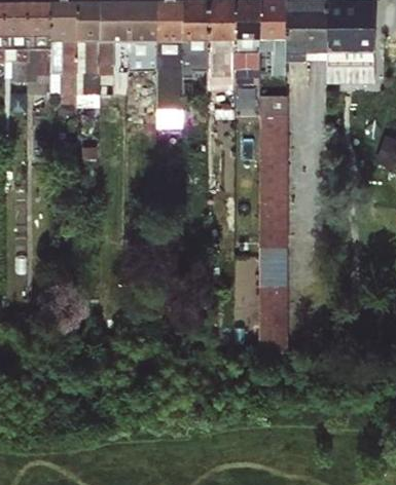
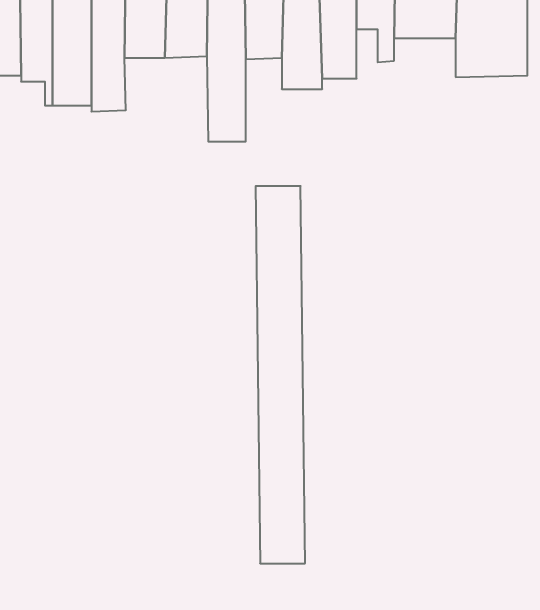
building: [258,94,292,352] -> [256,186,305,563]

